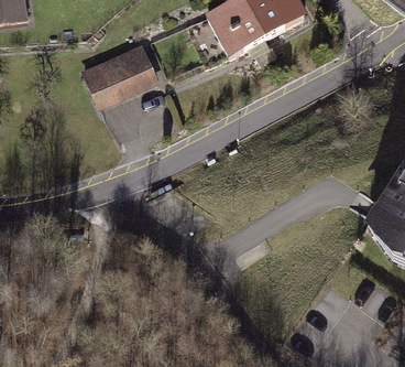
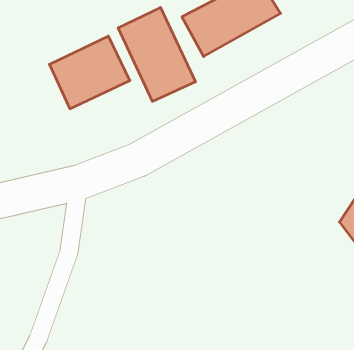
building: none -> [118,7,195,101]

